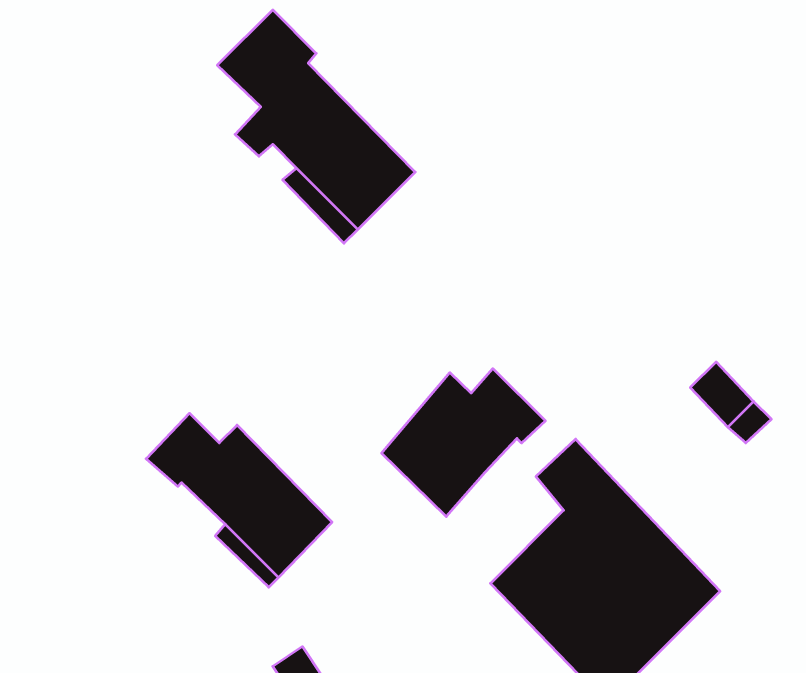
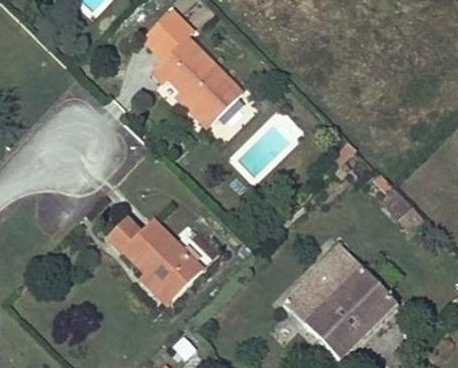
building: [382,369,545,517] -> none

